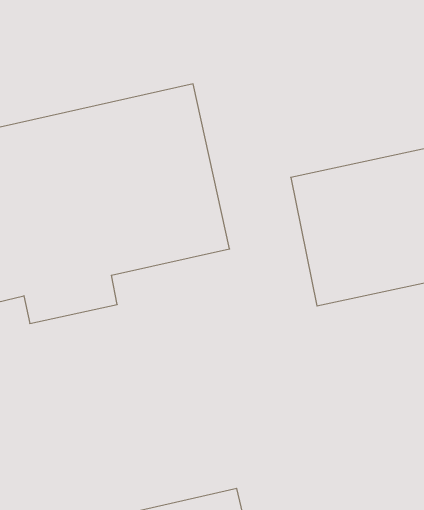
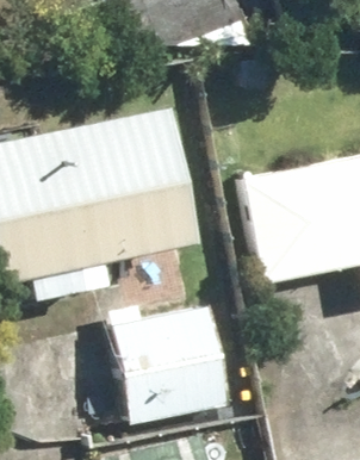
building: none -> [113,306,232,428]

